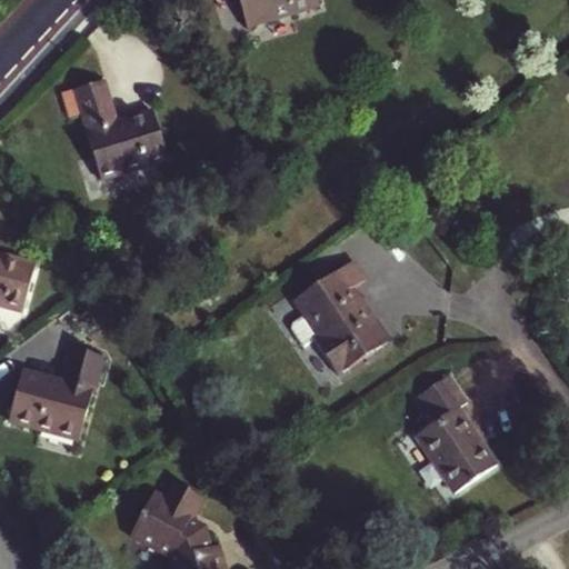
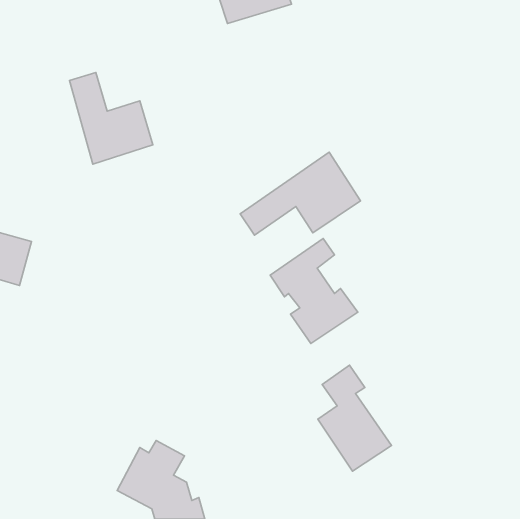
building: none -> [240,152,360,235]
building: [10,348,101,437] -> none
building: [416,376,496,491] -> [318,365,391,471]

